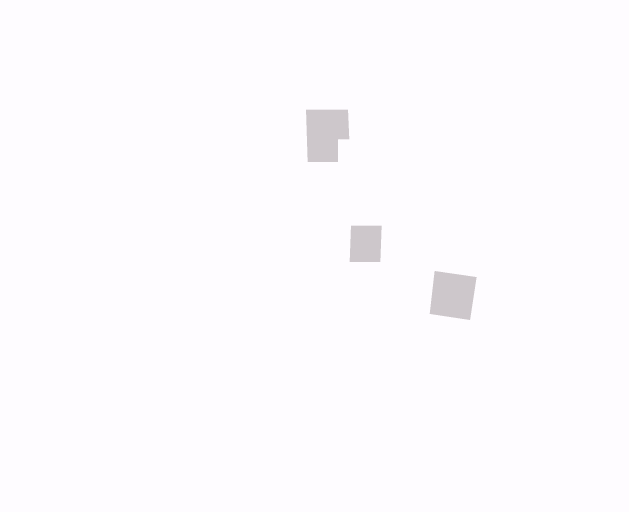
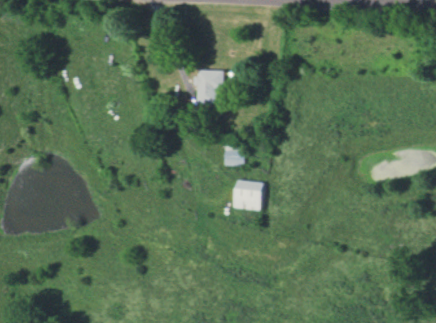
building: [429,270,477,320] -> [233,180,263,211]

